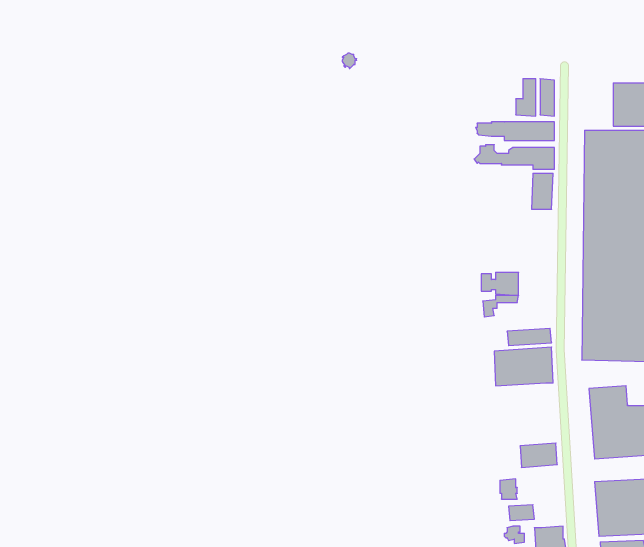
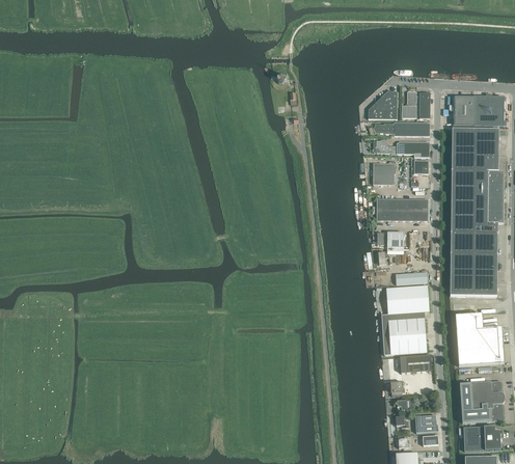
building: none -> [368,90,398,119]
building: none -> [452,94,472,126]
building: none -> [373,163,396,185]
building: none -> [377,198,428,221]
building: none -> [381,311,427,355]

